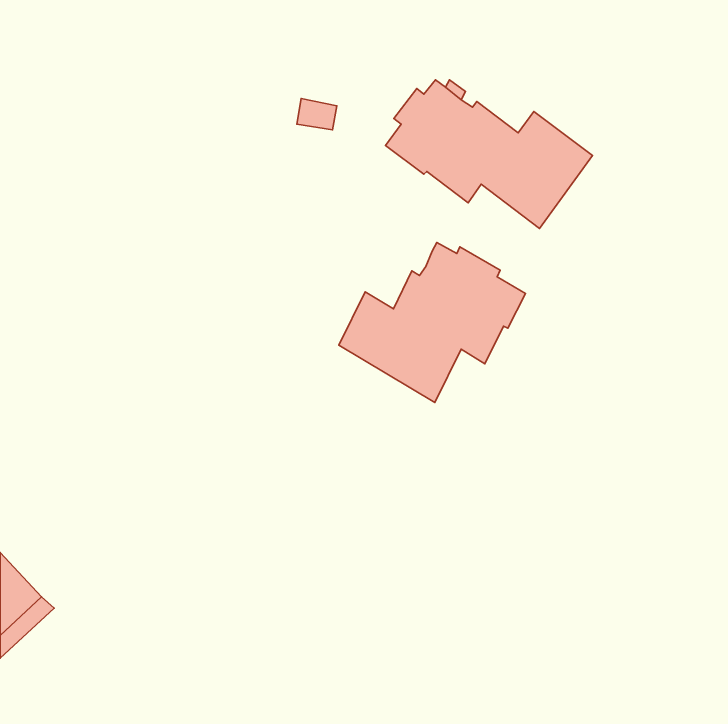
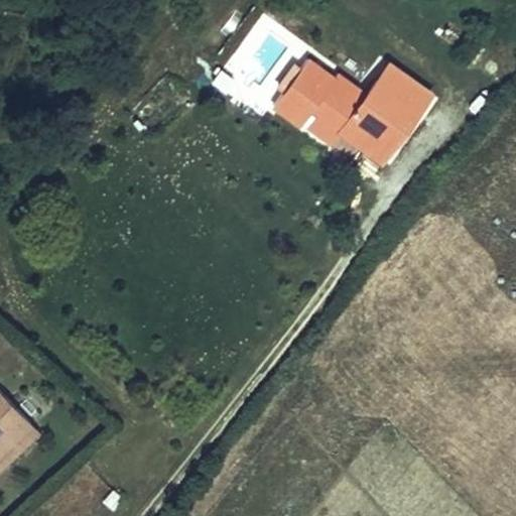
building: none -> [378,67,432,114]
building: [339,243,526,403] -> none

